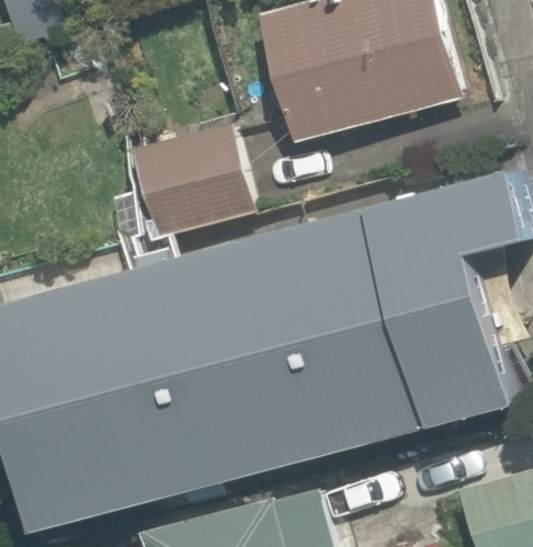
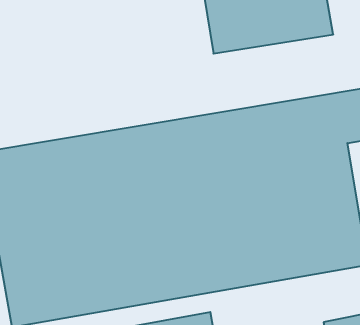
building: [131,119,245,237] -> none

